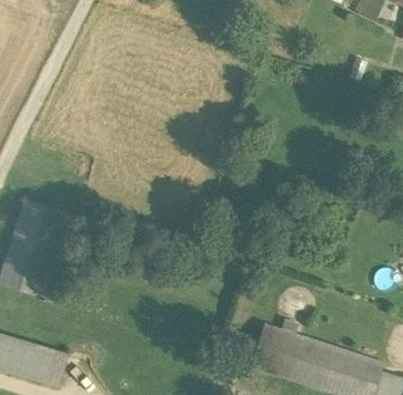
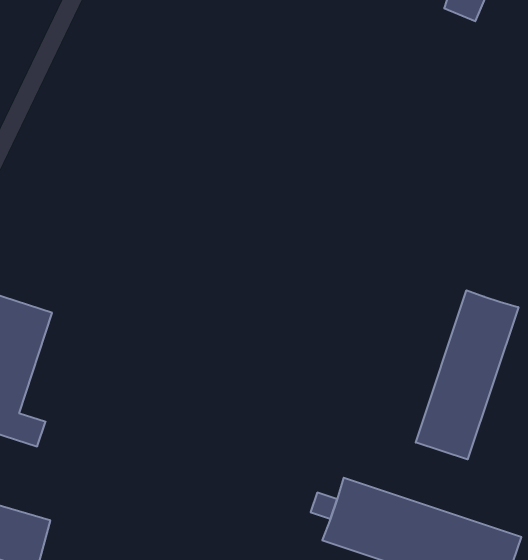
building: none -> [416,290,518,459]

